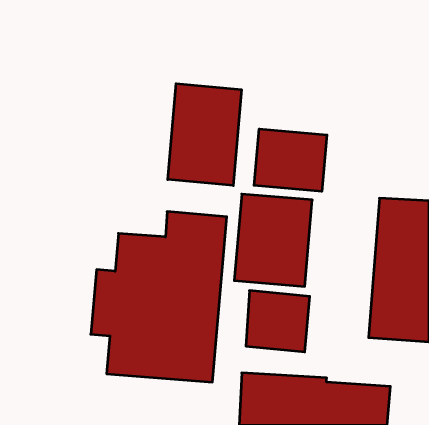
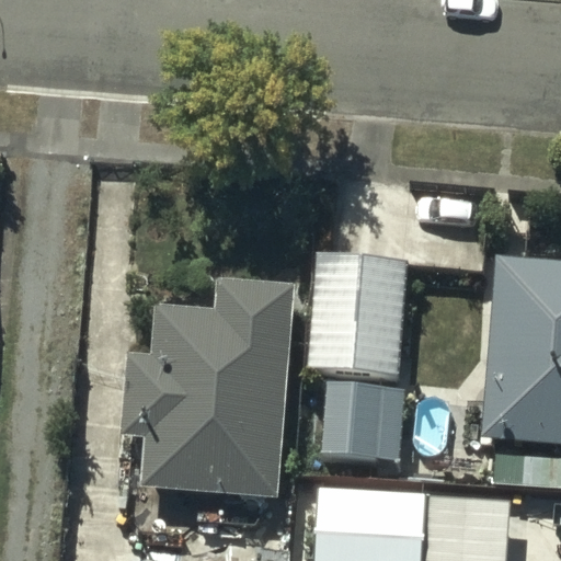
building: [168,84,241,186] -> none
building: [254,129,327,191] -> none

